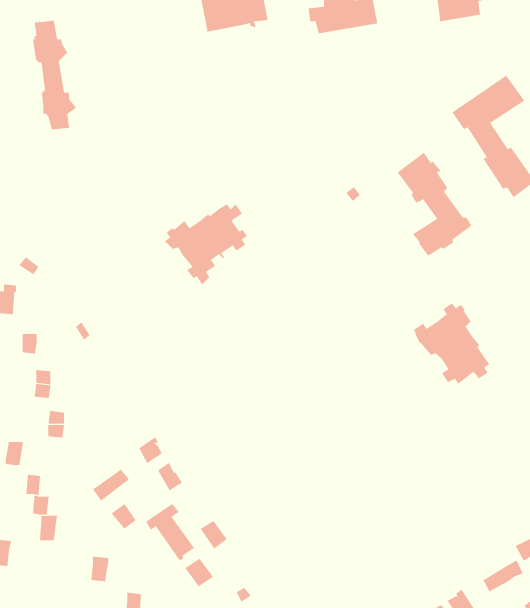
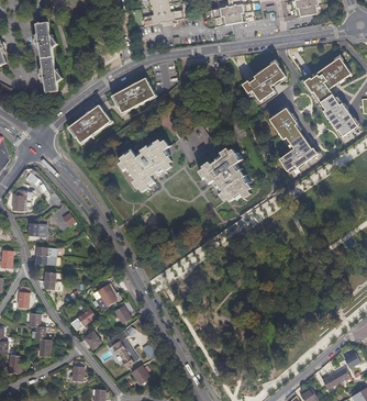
building: none -> [241,59,285,100]
building: none -> [113,78,157,114]
building: none -> [69,105,113,145]
building: [413,302,490,385] -> [202,147,252,200]

